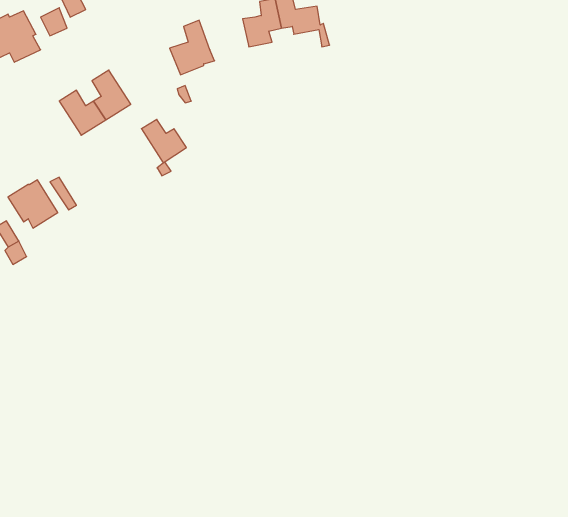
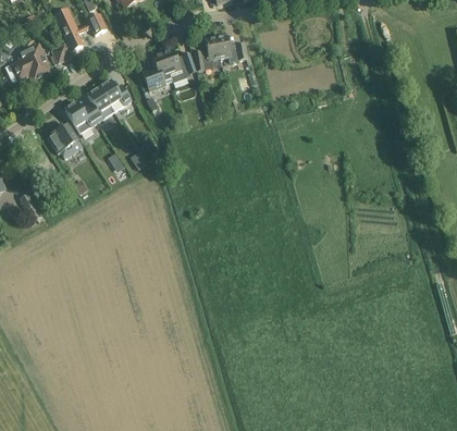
building: none -> [162,49,195,81]
building: [141,119,186,163] -> [99,81,131,111]
building: [8,180,58,228] -> [47,124,82,158]

